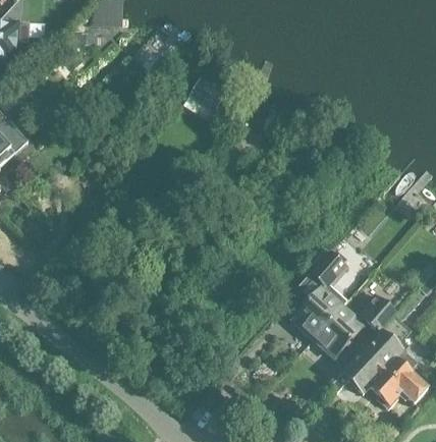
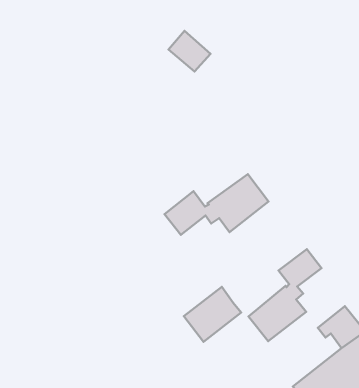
building: none -> [165,174,269,235]
building: [315,305,364,354] -> [184,287,241,342]

